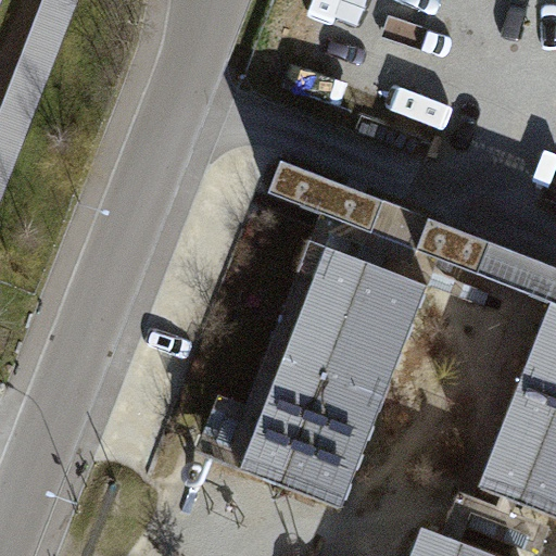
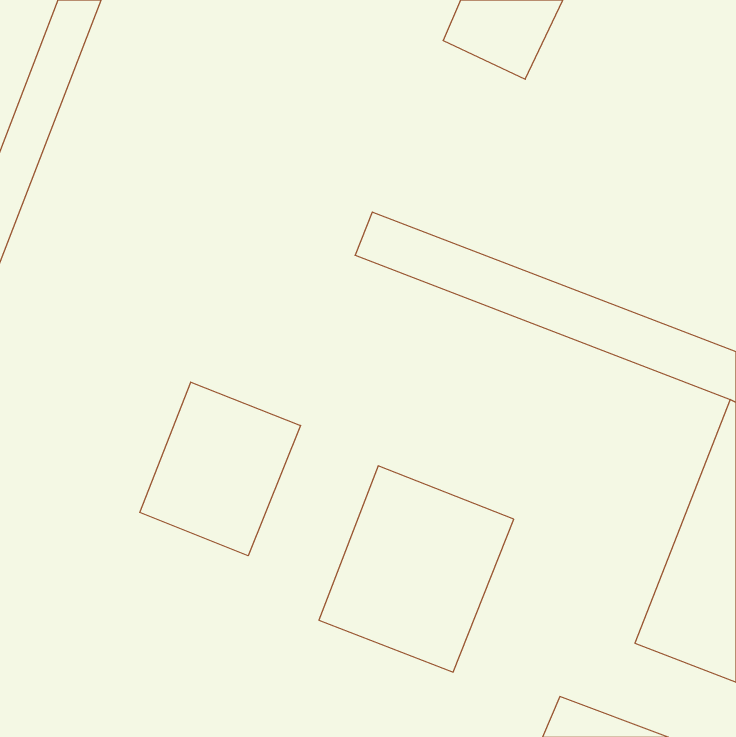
building: [285,245,428,391] -> none
building: none -> [140,382,301,556]

